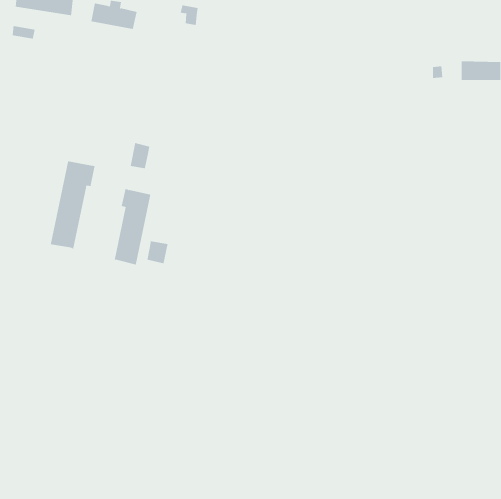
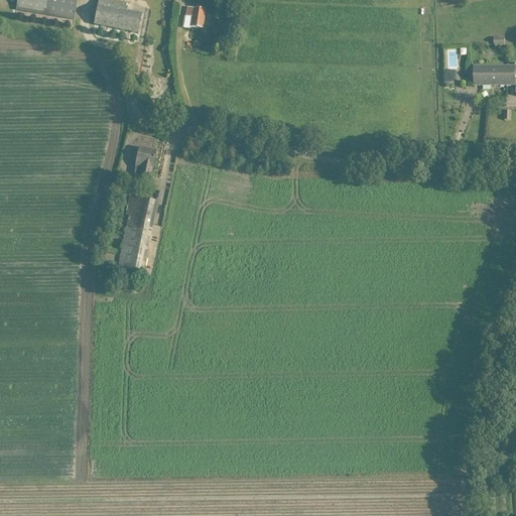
building: [50,160,95,250] -> none
building: [147,240,168,264] -> none

